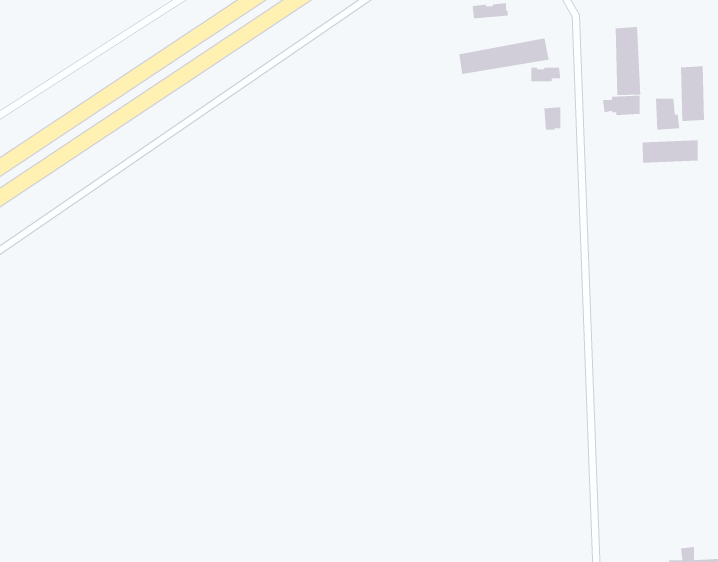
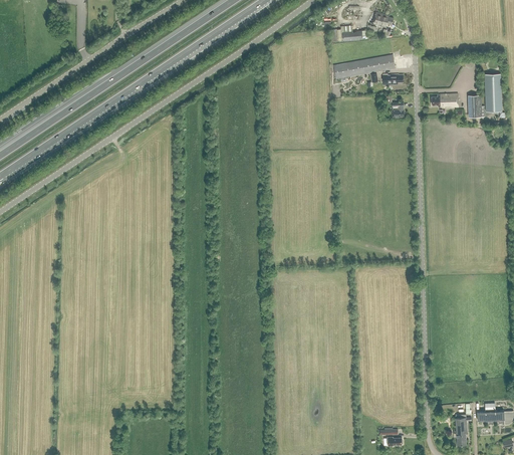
building: [615,26,641,96] -> none
building: [642,139,698,164] -> none

